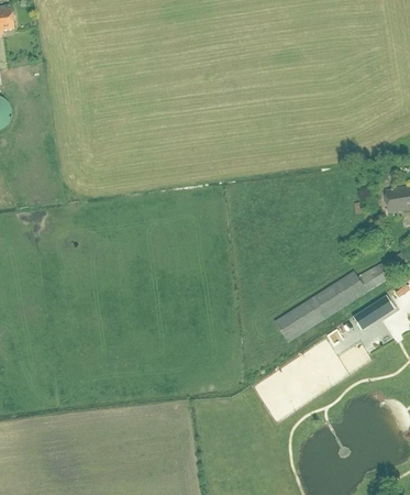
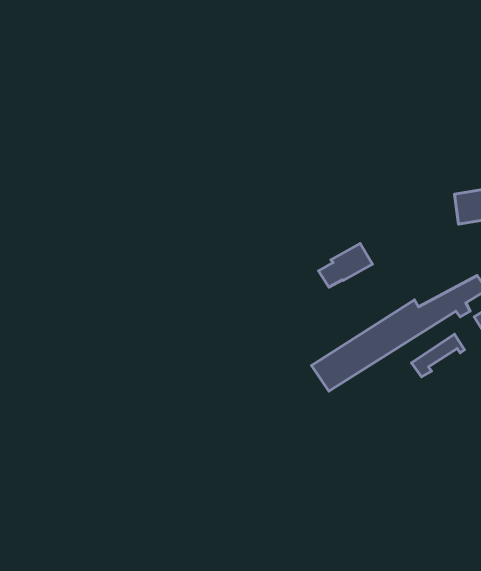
building: none -> [318,243,373,287]

